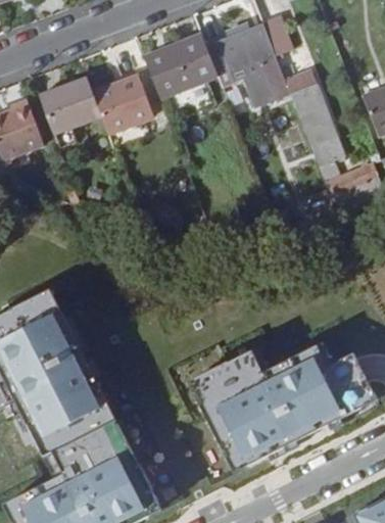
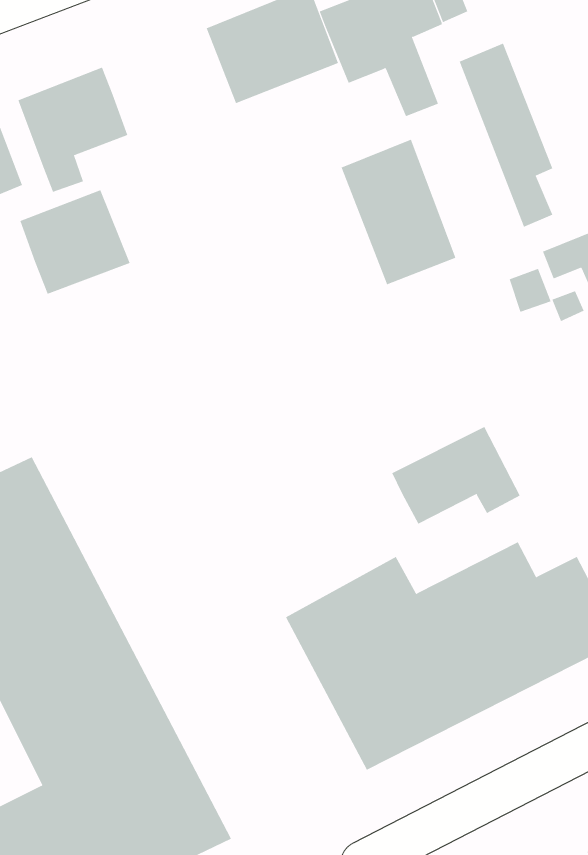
building: [94,78,155,136] -> [19,189,130,295]
building: none -> [341,139,456,285]
building: none -> [391,426,520,524]

